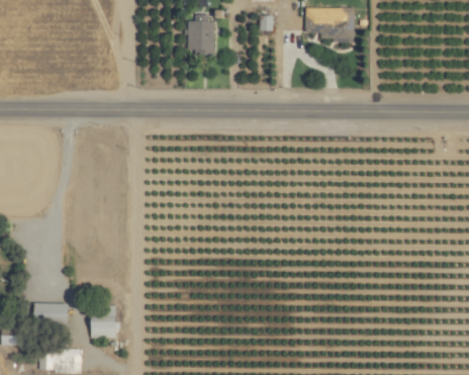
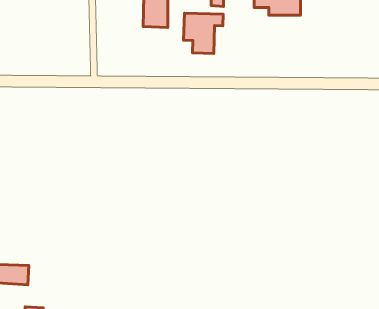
building: none -> [184,13,223,54]
building: [89,305,115,339] -> none

